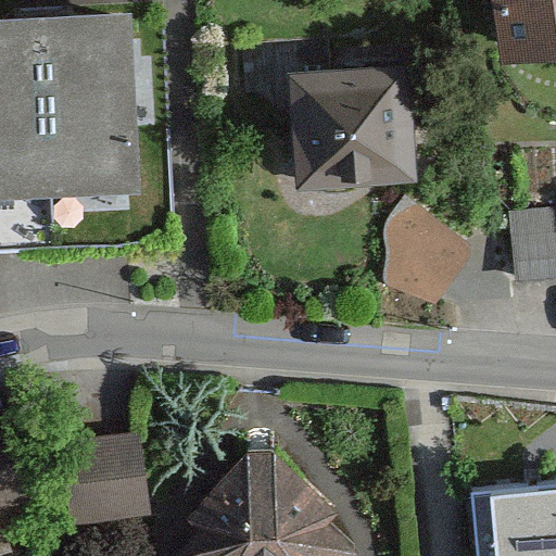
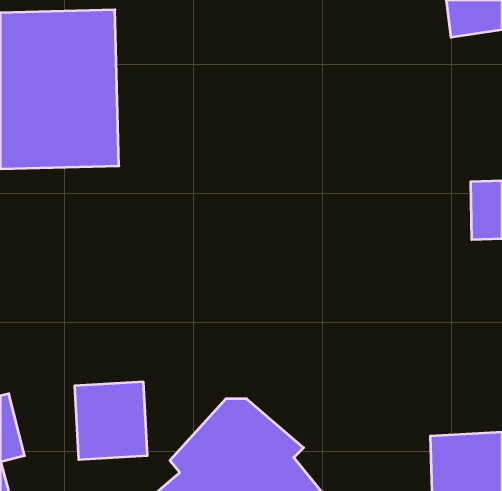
building: [288,65,407,182] -> none
building: [393,214,468,294] -> none

